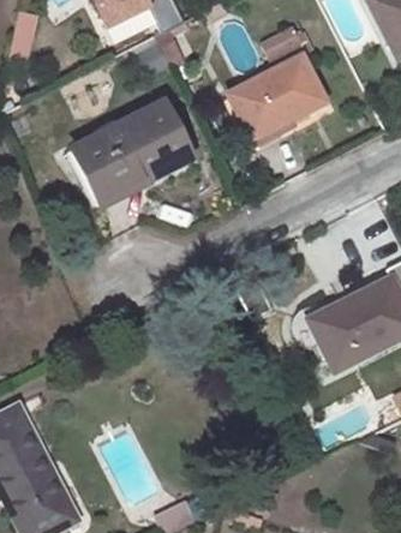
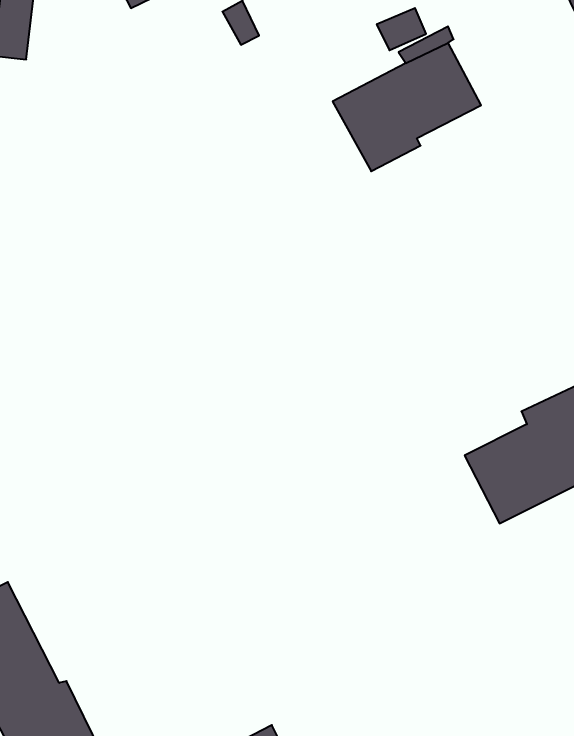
building: [78,103,191,192] -> none

